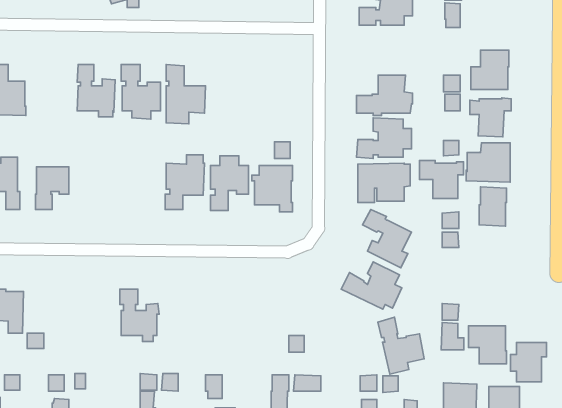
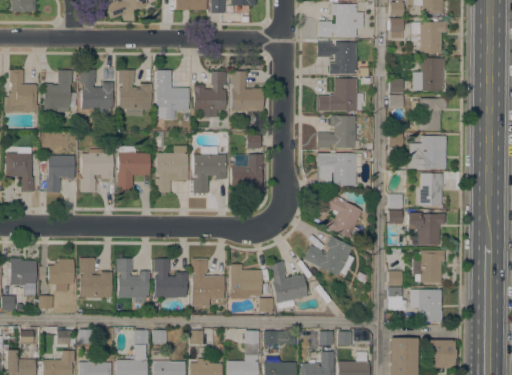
building: none -> [411,21,446,52]
building: none -> [317,41,357,73]
building: none -> [43,69,76,119]
building: none -> [231,70,263,110]
building: none -> [193,71,226,117]
building: none -> [117,145,149,192]
building: none -> [80,148,113,190]
building: [420,161,464,199] -> [407,212,444,244]
building: none -> [79,257,112,296]
building: none -> [48,258,73,291]
building: none -> [154,258,187,297]
building: none -> [191,258,224,306]
building: none -> [230,263,261,298]
building: [378,317,424,374] -> [268,260,307,308]
building: [511,343,546,382] -> [415,249,445,282]

